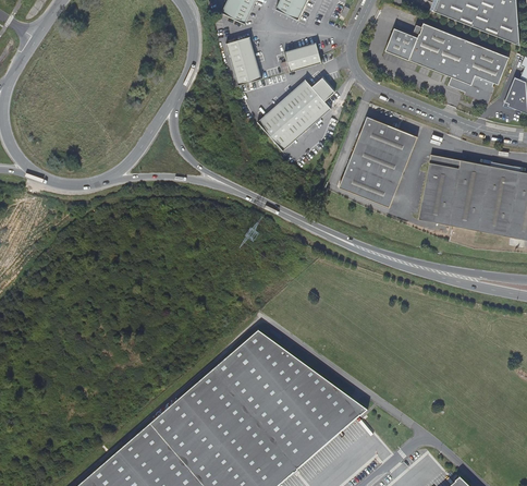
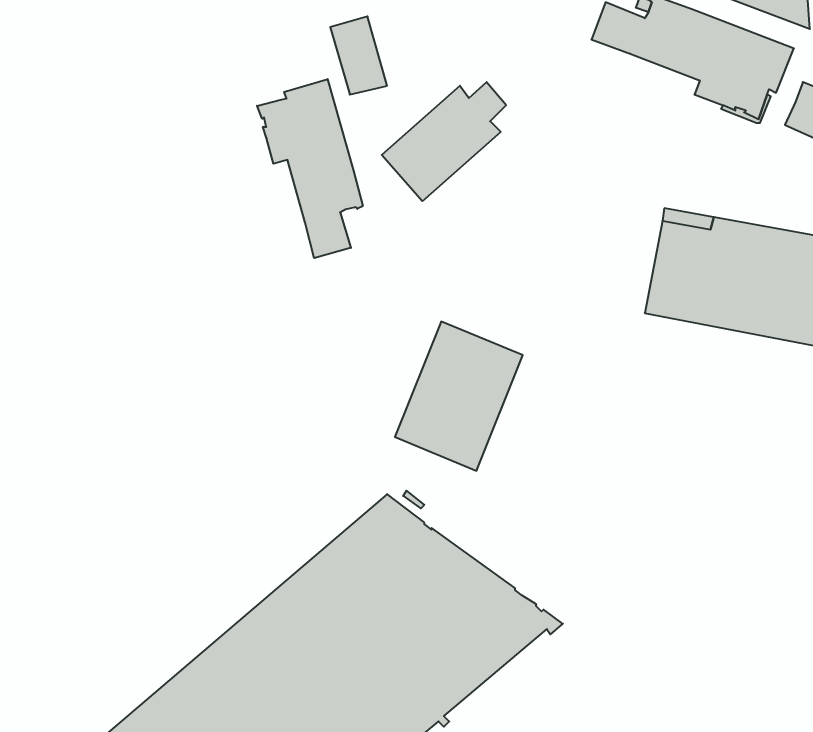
building: [281,44,320,72] -> none
building: none -> [257,79,363,258]
building: [339,117,417,208] -> [395,322,523,471]

